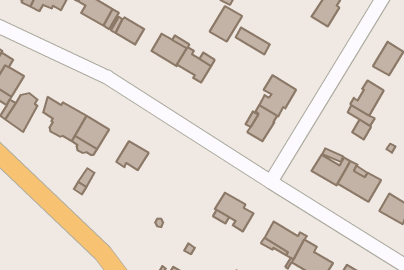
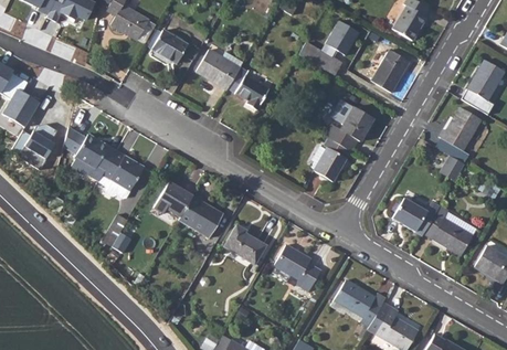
building: [210,6,242,41] -> [320,20,360,63]
building: none -> [370,50,410,94]
building: none -> [179,195,224,237]
building: none -> [224,224,266,264]

